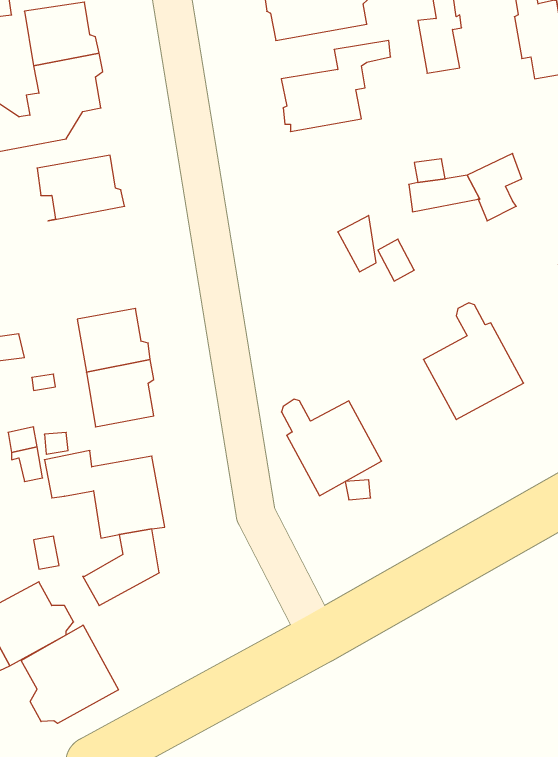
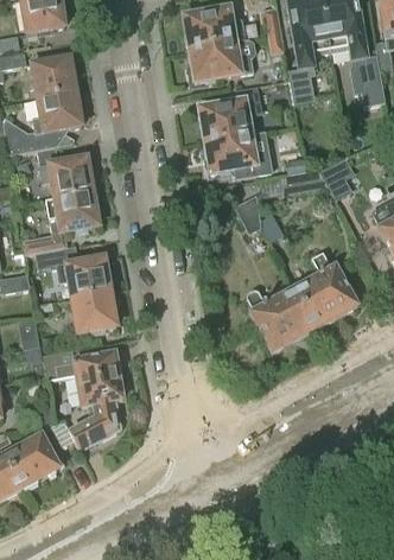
building: none -> [203,129,269,177]
building: none -> [21,189,99,253]
building: [281,399,382,496] -> [247,287,312,350]
building: [21,625,118,723] -> none

